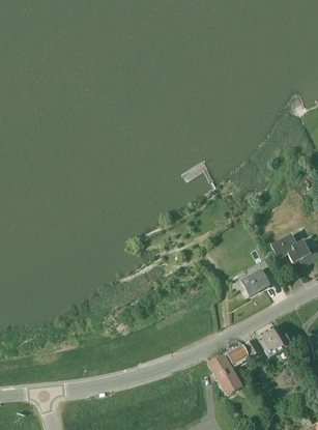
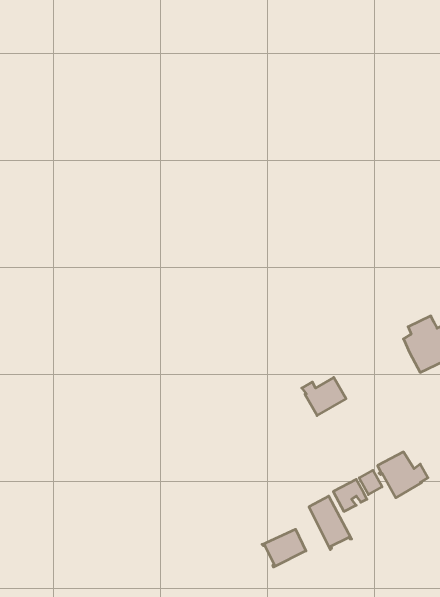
building: [239,268,269,294] -> [302,377,346,416]
building: none -> [262,529,306,567]

